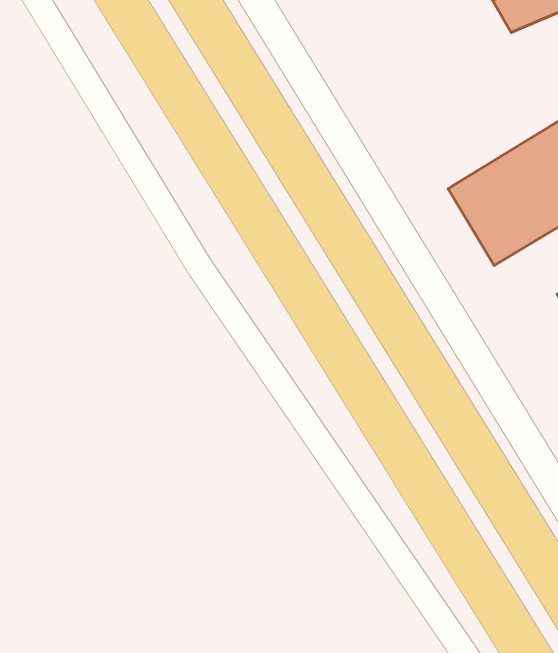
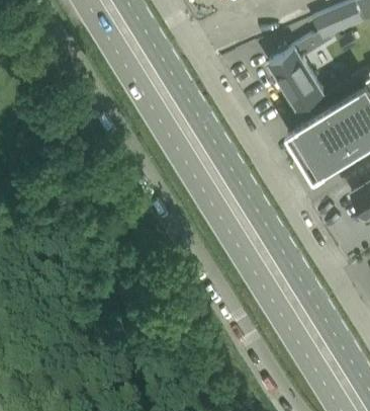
building: none -> [269,32,335,109]

